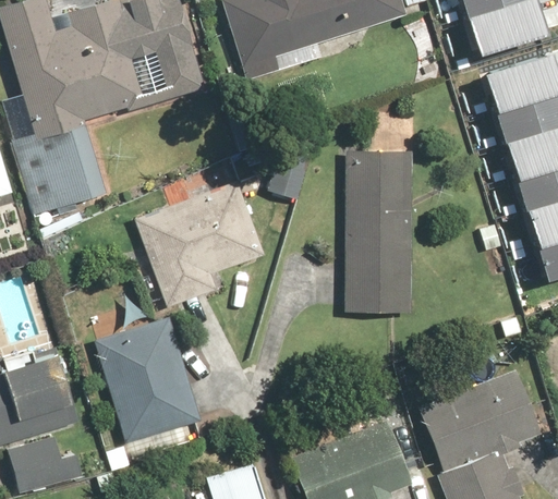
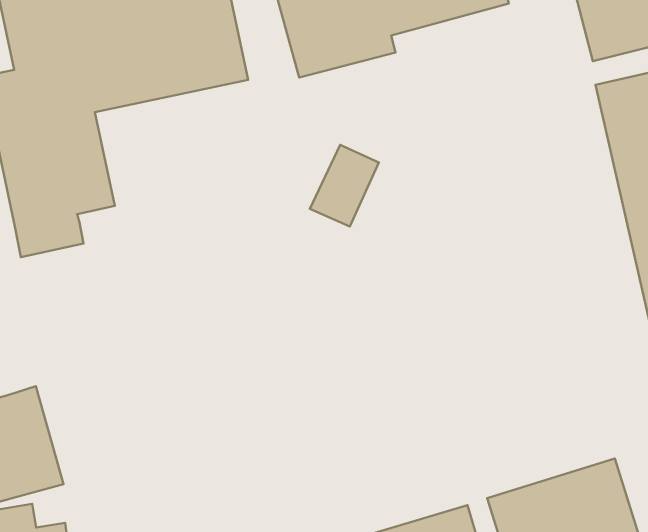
building: [341,147,414,311] -> none
building: [134,179,266,308] -> none
building: [94,317,202,443] -> none

